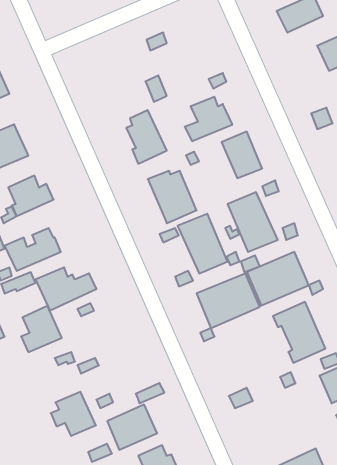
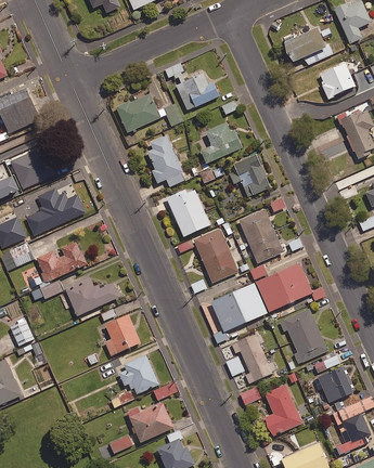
building: none -> [176,72,220,109]
building: none -> [115,92,160,131]
building: [21,306,62,352] -> [104,313,141,355]
building: none -> [232,332,278,382]
building: none -> [265,383,302,435]
building: [51,392,96,436] -> [118,353,159,393]

